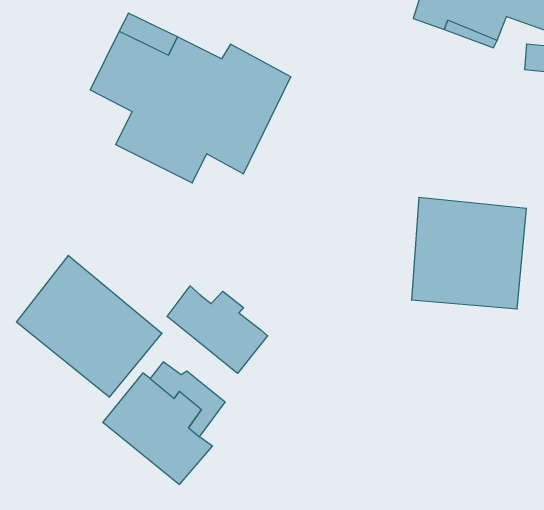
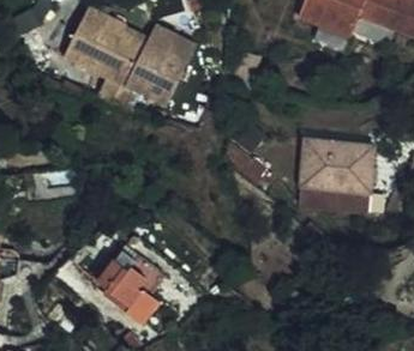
building: [16,255,162,397] -> none
building: [167,286,268,373] -> none

